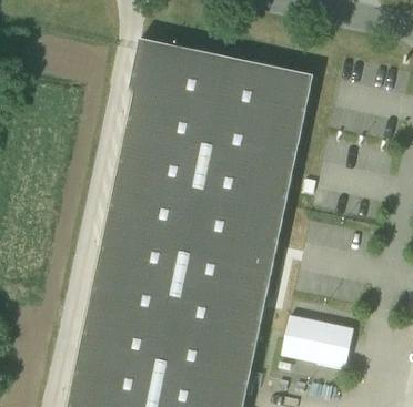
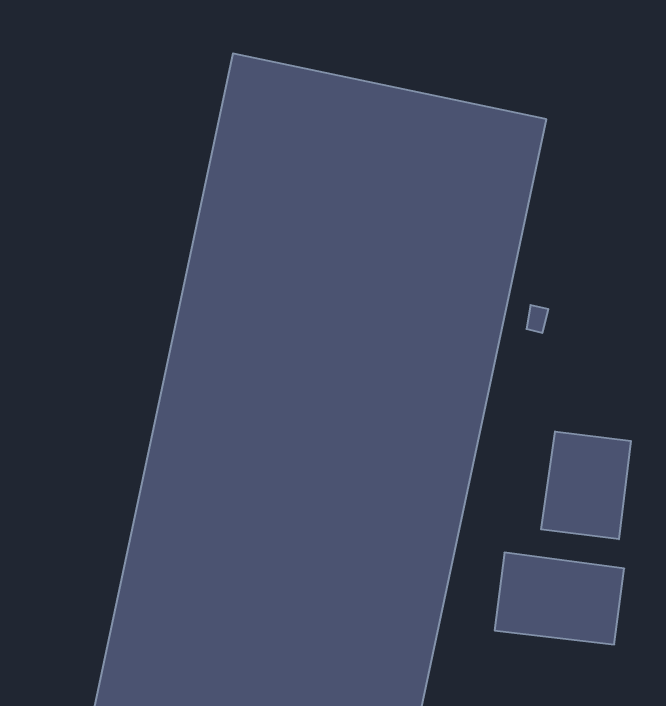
building: none -> [541,431,631,539]

